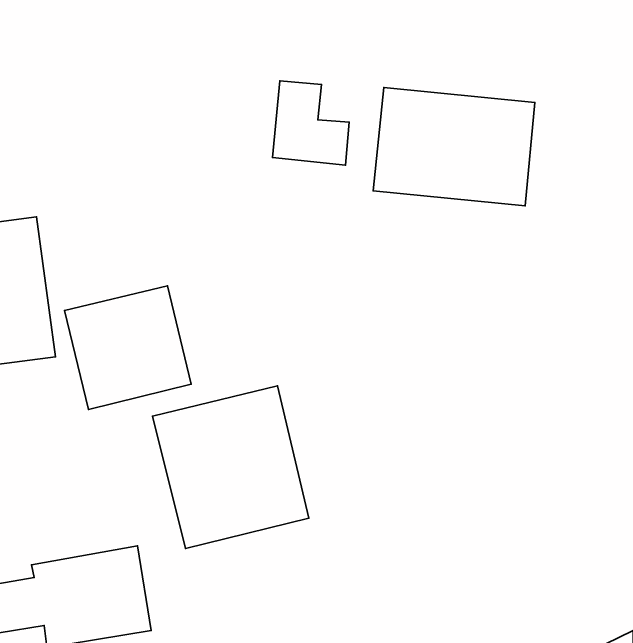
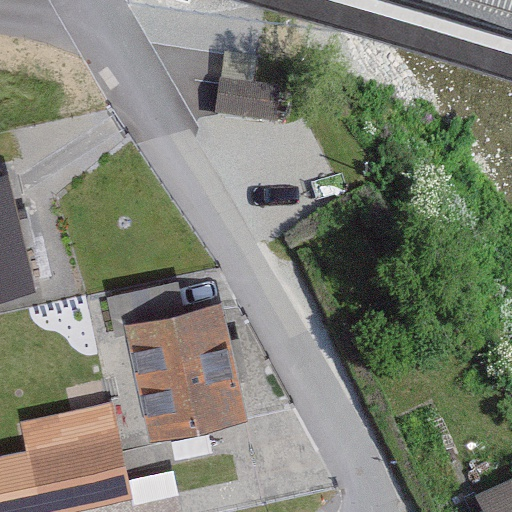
building: [373,88,535,206] -> none
building: [64,286,191,409] -> none

